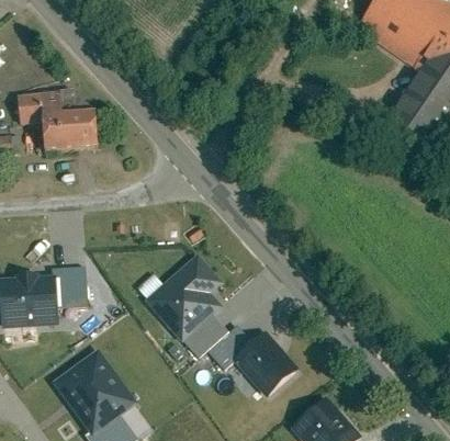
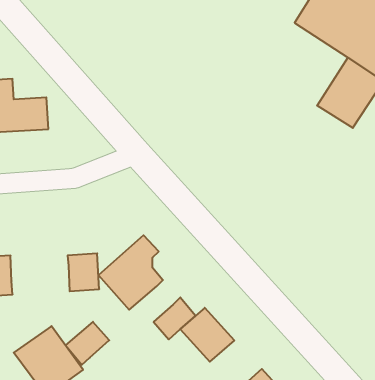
building: [54,267,88,307] -> [68,253,99,291]
building: [182,313,229,359] -> [65,322,109,365]

